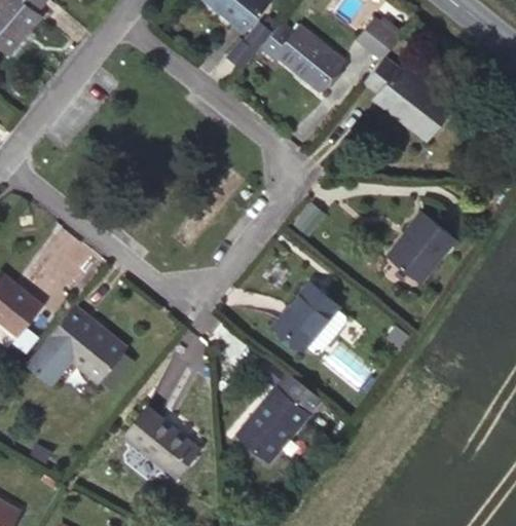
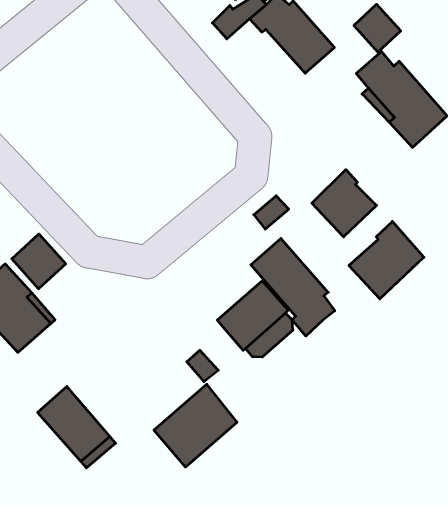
building: none -> [312,170,377,237]
building: none -> [251,238,335,336]
building: none -> [12,234,66,289]
building: [274,371,321,415] -> none

